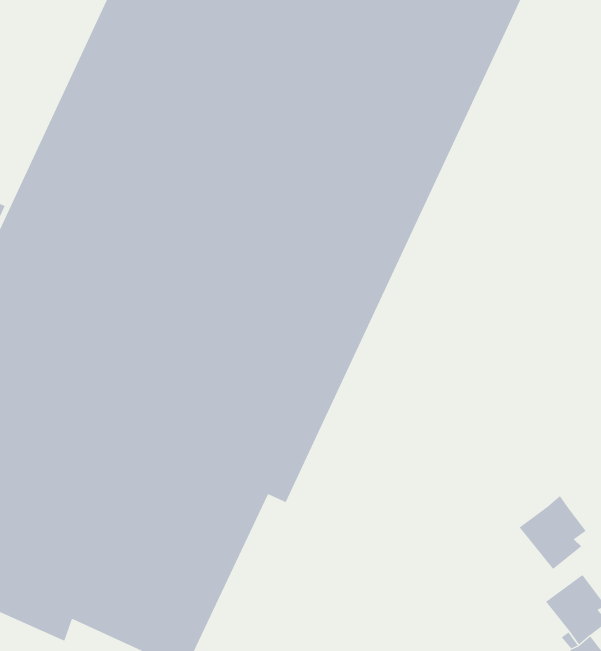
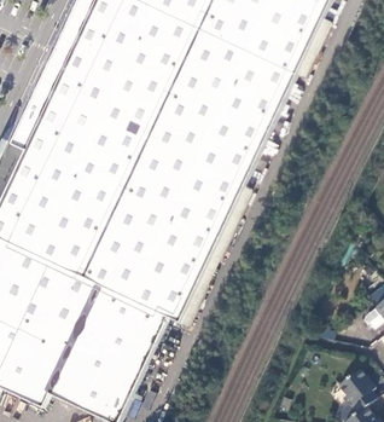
building: [519,495,587,570] -> none

